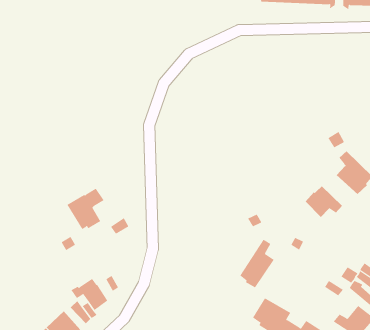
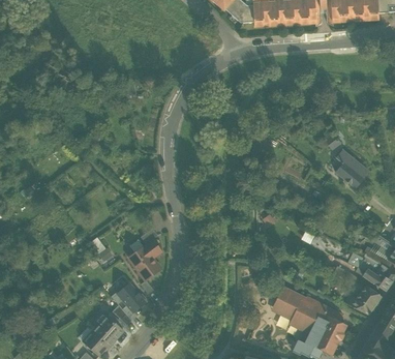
building: [305,186,343,218] -> none
building: [66,188,104,230] -> [129,240,162,278]
building: [239,239,274,288] -> none

